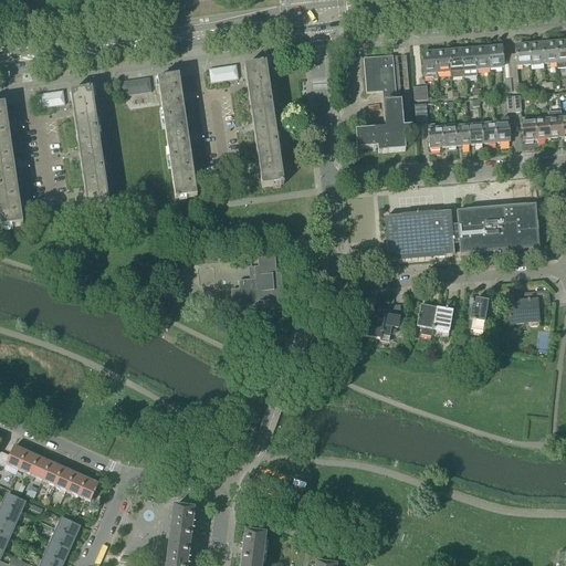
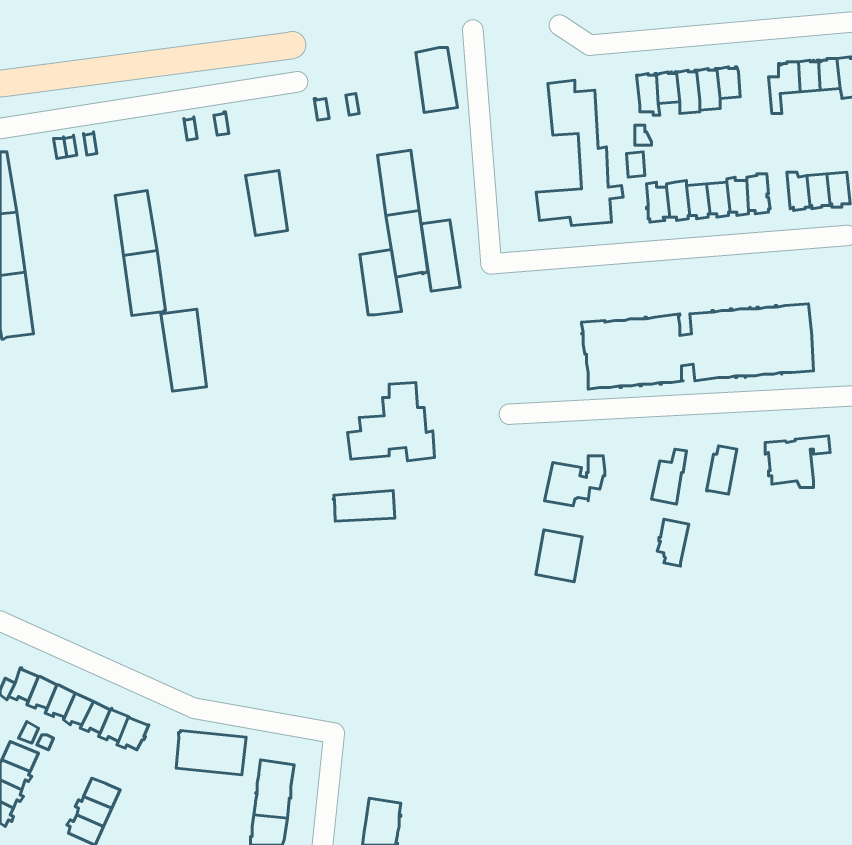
building: [489,43,512,76] -> none
building: [245,60,273,103] -> [416,47,458,112]
building: [158,72,186,116] -> none
building: [71,85,98,129] -> none
building: none -> [421,220,460,291]
building: [170,153,198,196] -> [360,250,401,315]
building: none -> [161,309,206,391]
building: [417,302,438,333] -> [657,519,689,566]
building: none -> [333,491,395,521]
building: none -> [536,530,582,582]
building: none -> [176,730,246,775]

